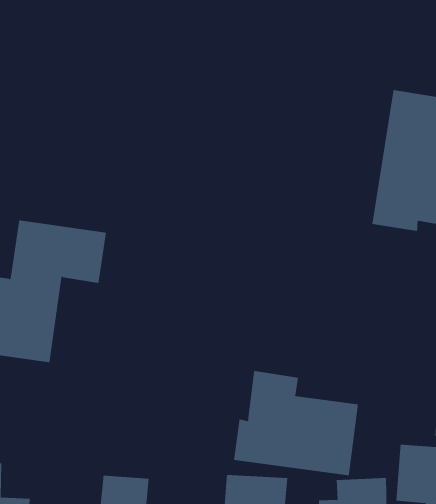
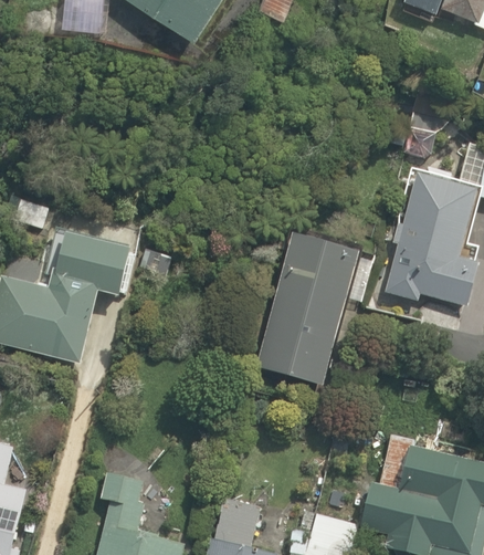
building: none -> [253,235,364,389]
building: [233,370,359,476] -> none

